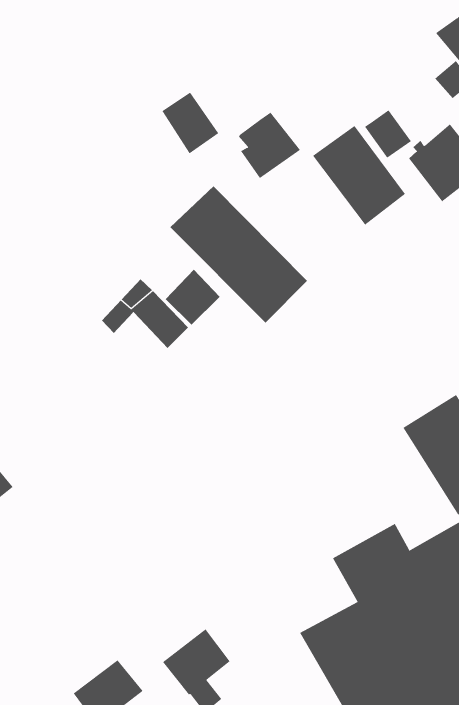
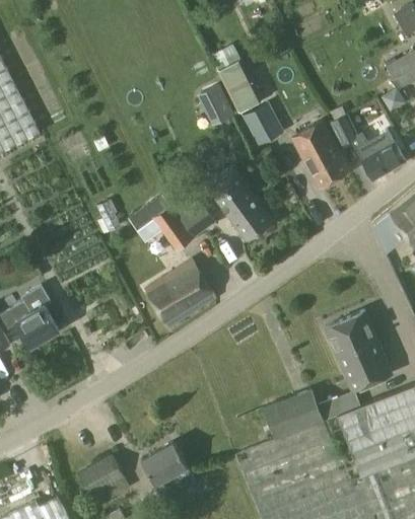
building: none -> [220,64,260,116]
building: none -> [144,260,216,328]

